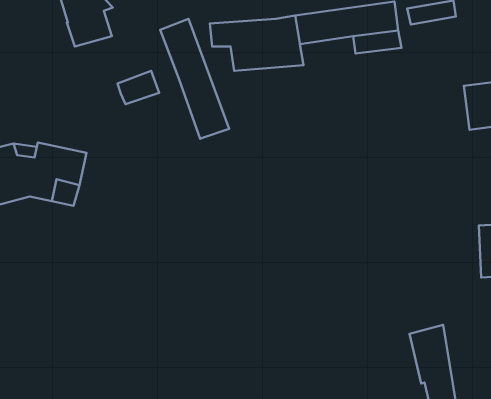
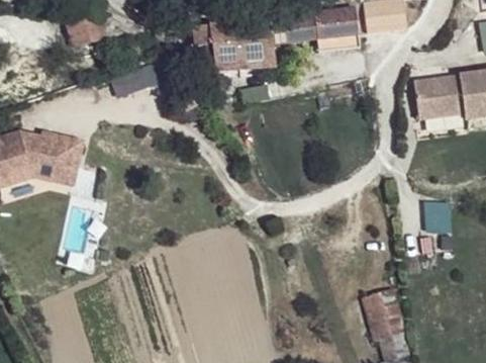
building: [160,19,229,139] -> none

